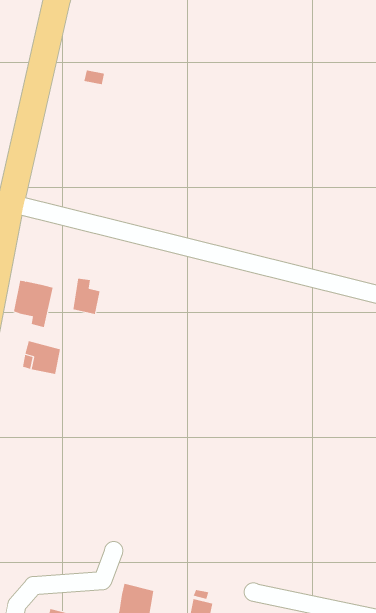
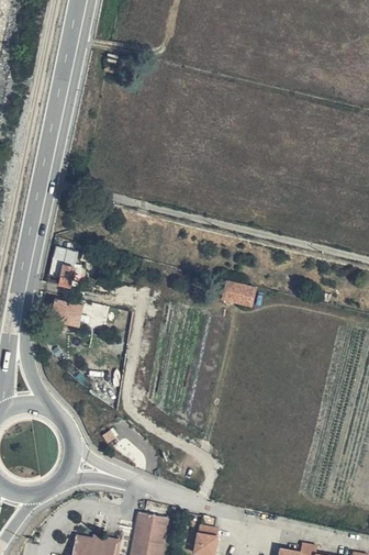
building: [73,278,100,315] -> none
building: none -> [225,285,254,309]

